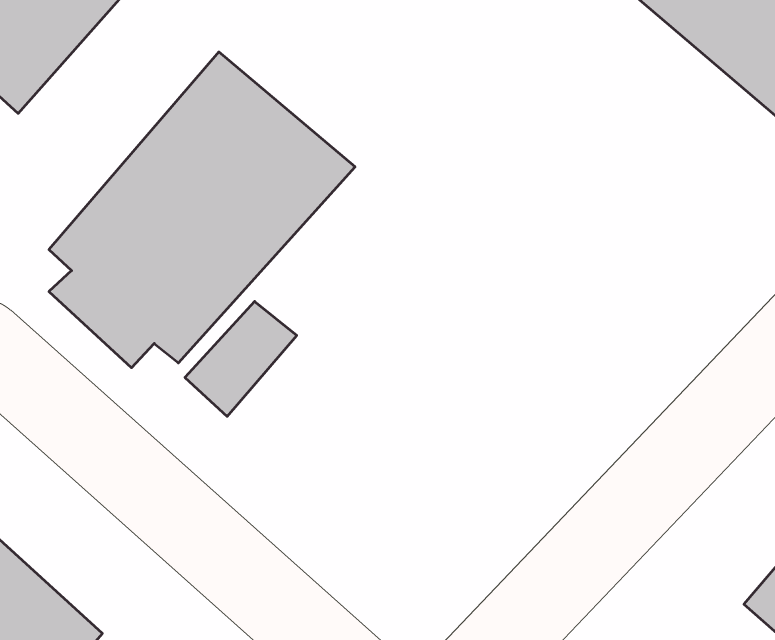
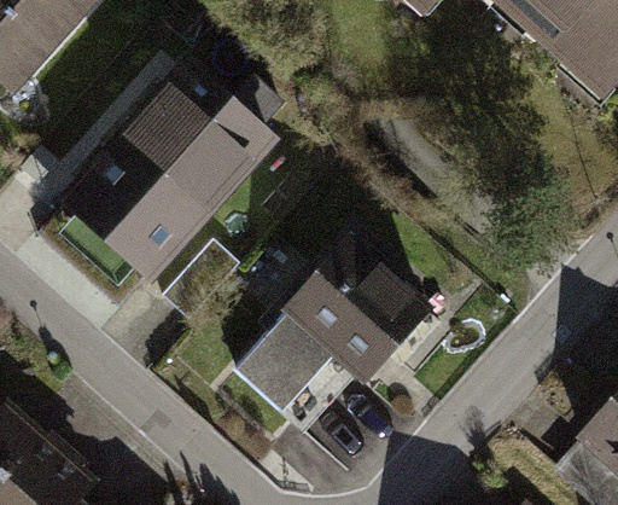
building: none -> [225,220,442,428]

